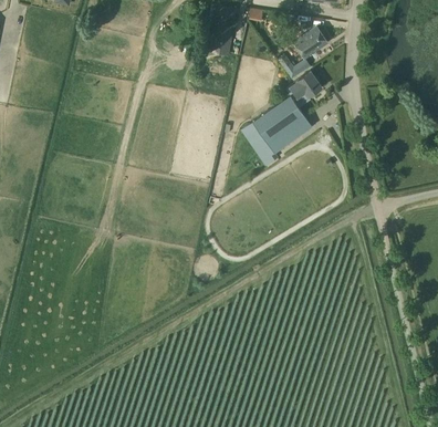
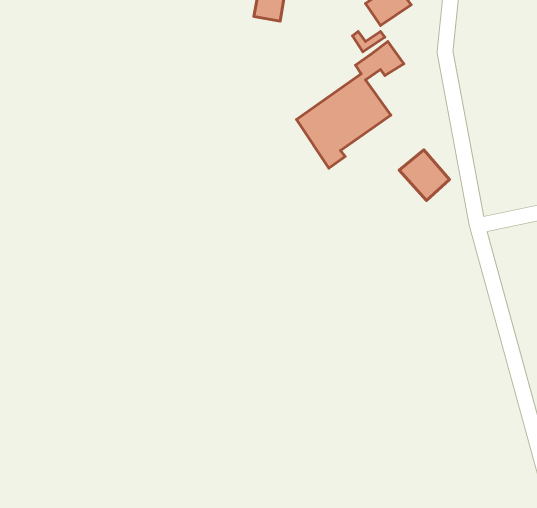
building: none -> [399,150,450,201]

